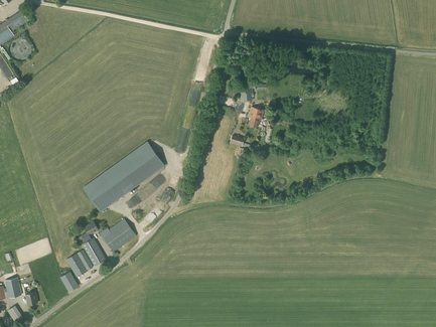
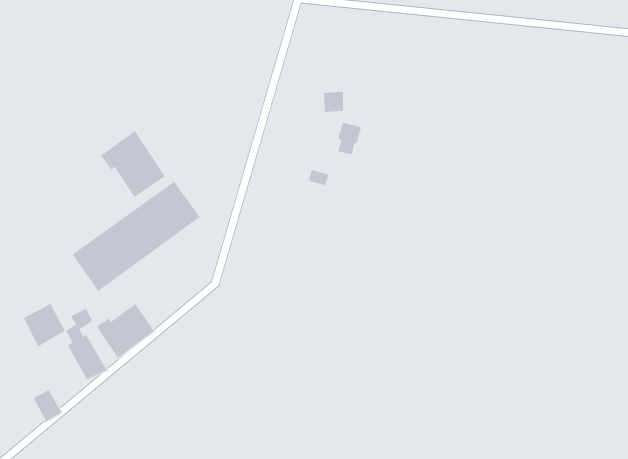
building: none -> [100,130,165,198]
building: [66,250,93,277] -> [23,303,65,347]

